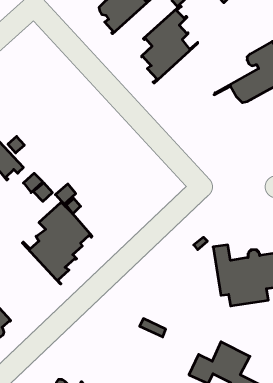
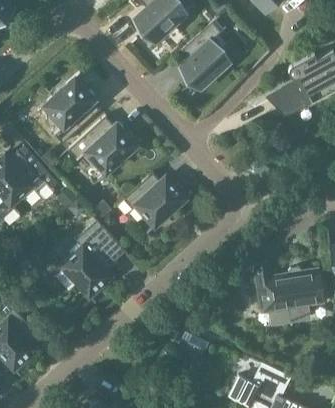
building: none -> [38,72,102,144]
building: none -> [69,116,142,179]
building: none -> [116,172,193,234]

